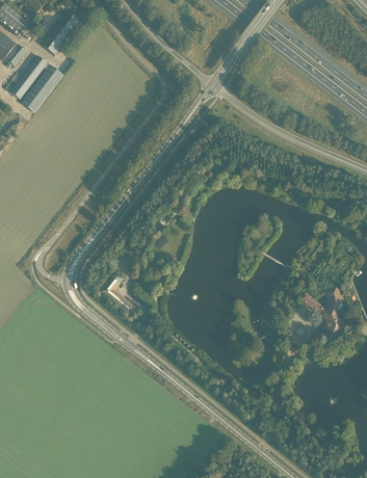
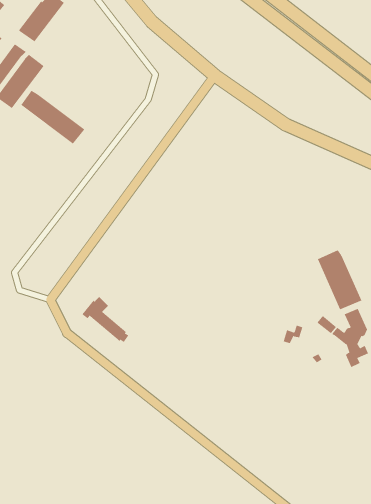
building: none -> [20,90,85,145]
building: none -> [317,249,362,310]

